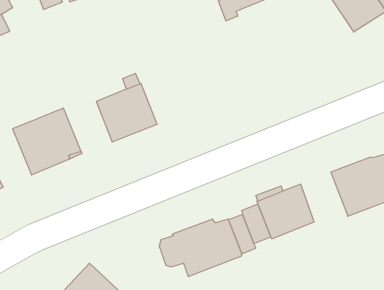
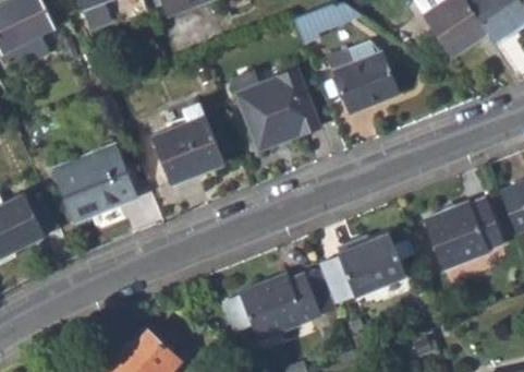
building: none -> [329,43,400,113]
building: none -> [232,73,318,149]

